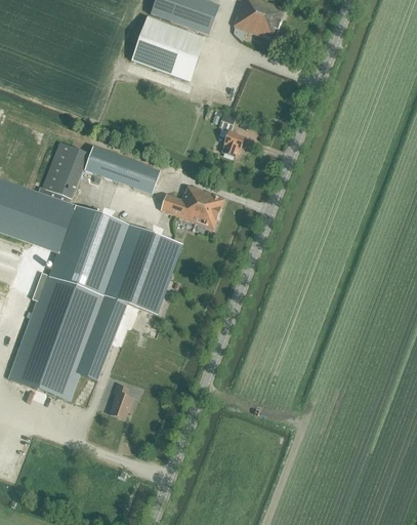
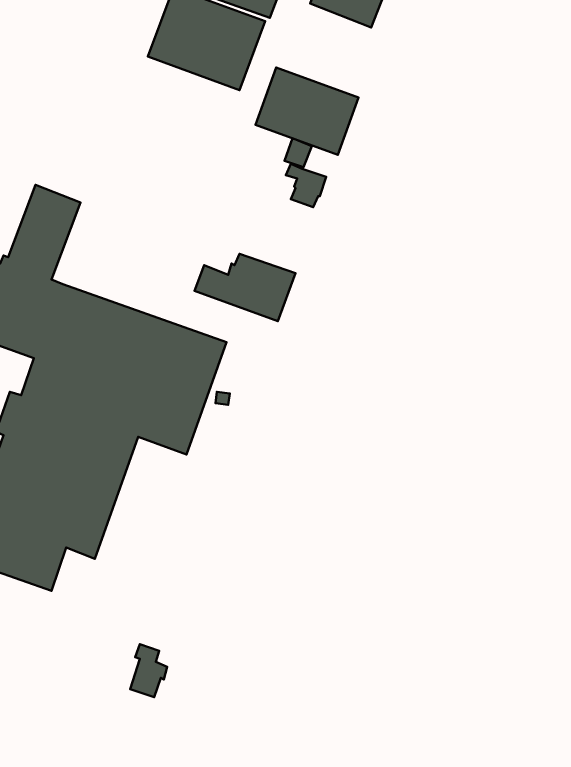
building: none -> [255,67,358,155]
building: [83,146,159,194] -> none
building: [109,385,132,418] -> [130,644,167,697]

